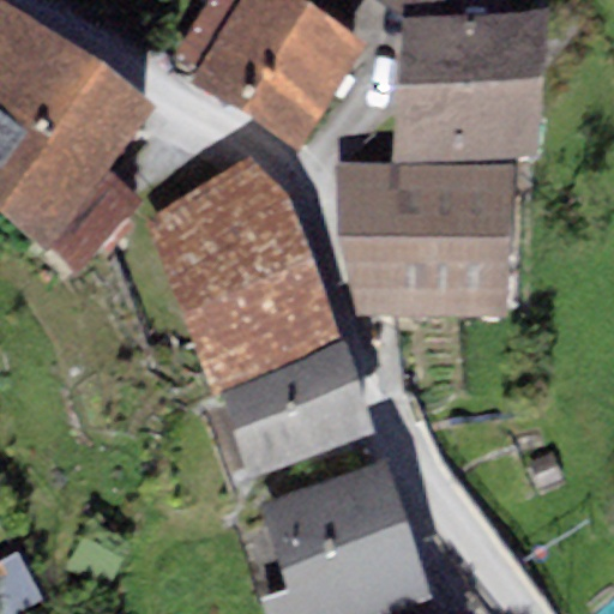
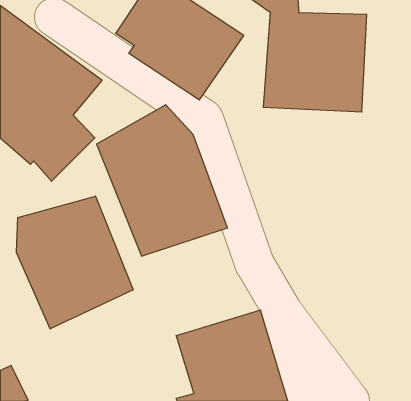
building: [336,158,512,325] -> none
building: none -> [16,196,133,329]
building: [219,348,369,474] -> none

